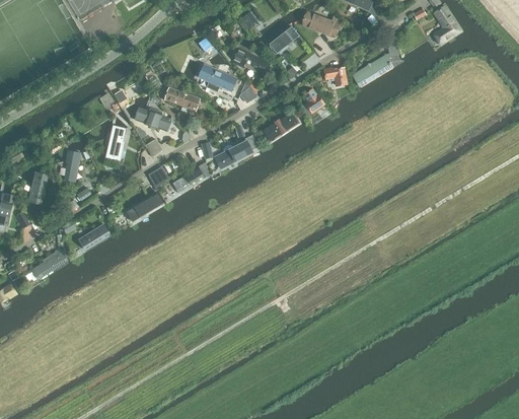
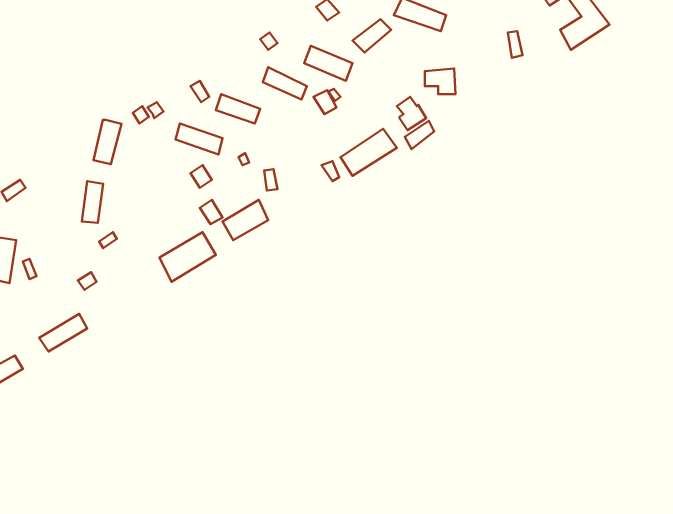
building: [352,54,393,87] -> none
building: [104,125,126,158] -> [93,120,122,164]
building: [213,141,251,170] -> none
building: [28,170,49,205] -> none
building: [76,223,110,253] -> none

